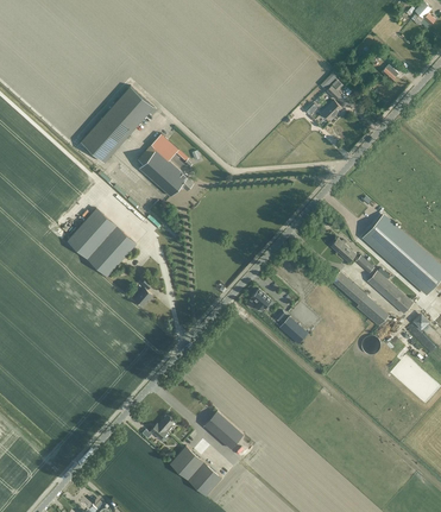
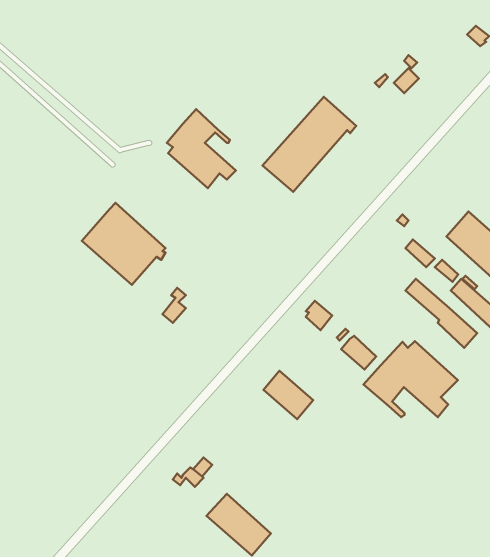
building: [80,86,156,163] -> [262,97,356,192]
building: none -> [364,341,458,417]
building: [203,410,244,449] -> [263,371,313,419]

